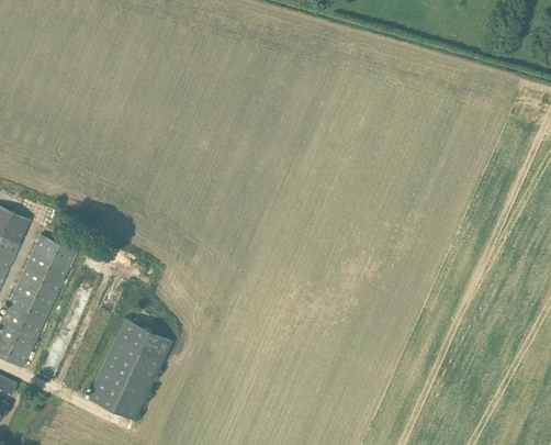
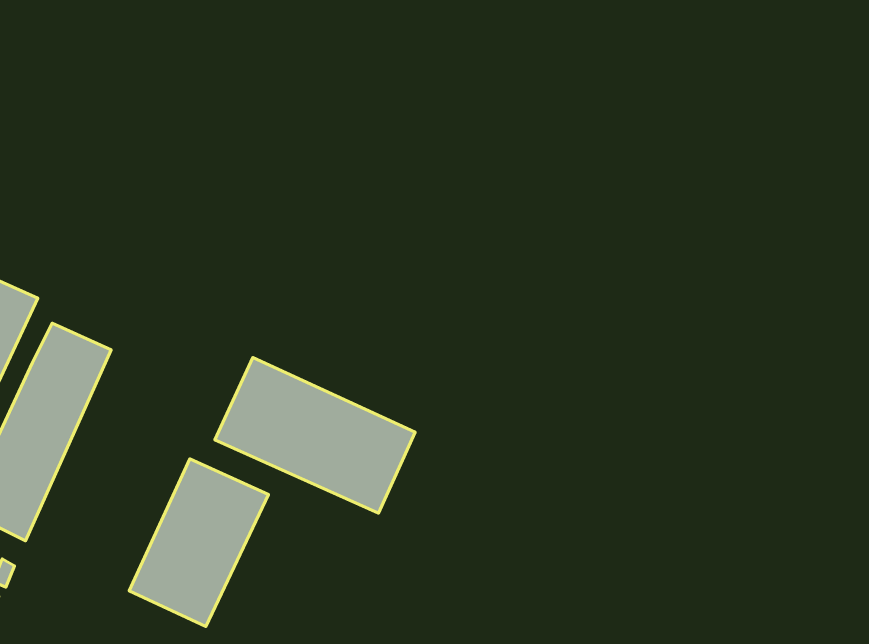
building: none -> [215,358,415,513]

